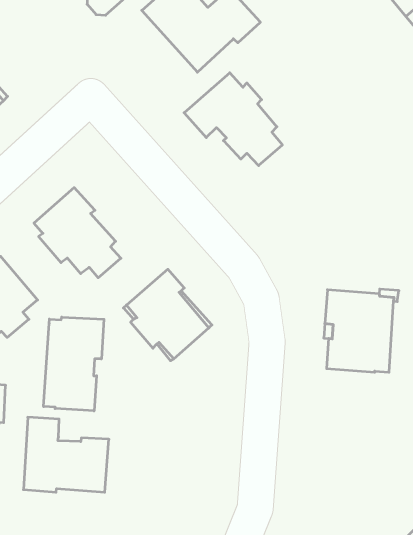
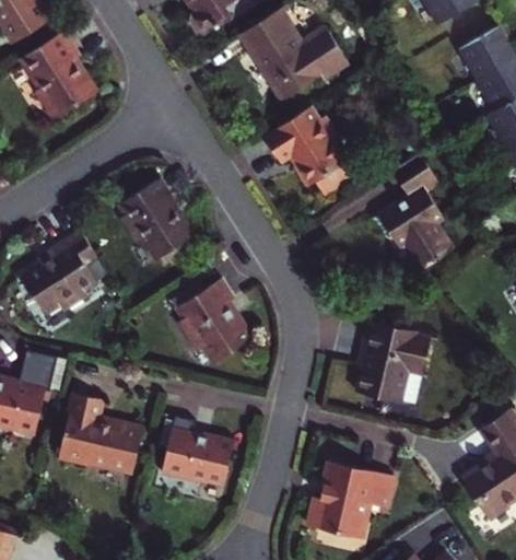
building: none -> [368,159,448,269]
building: [44,317,104,411] -> none
building: none -> [162,416,234,485]
building: none -> [303,462,388,538]

